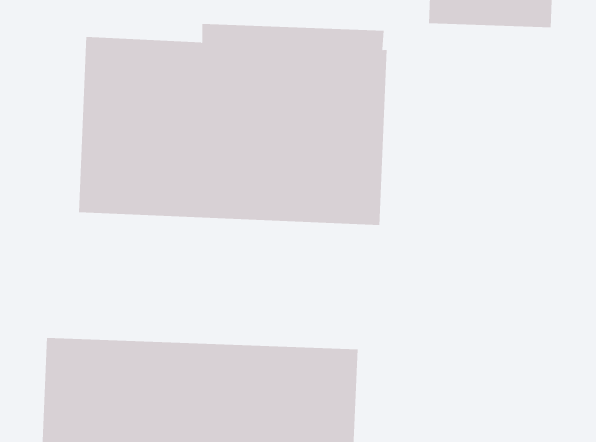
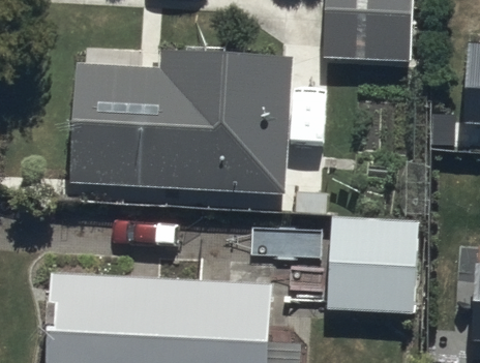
building: none -> [325,218,422,309]

